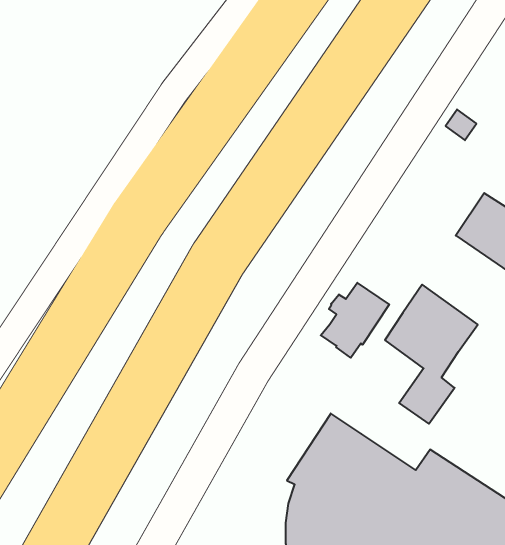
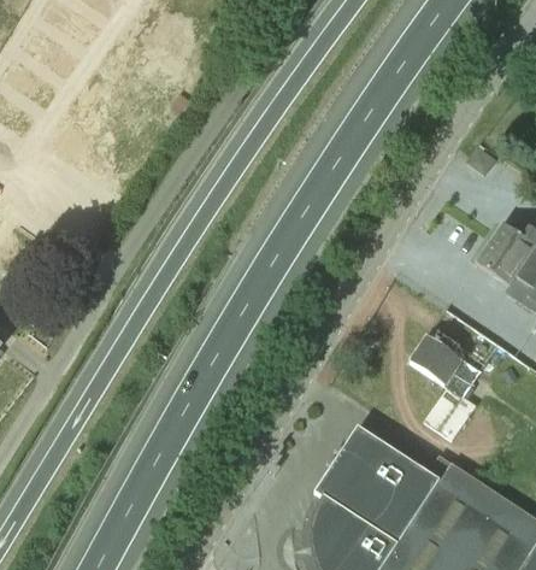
building: [321,283,389,358] -> none

